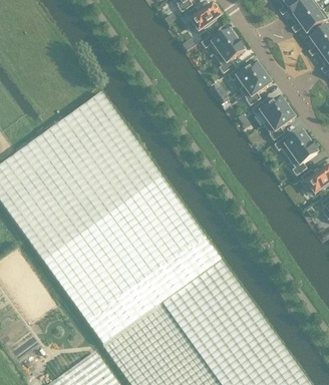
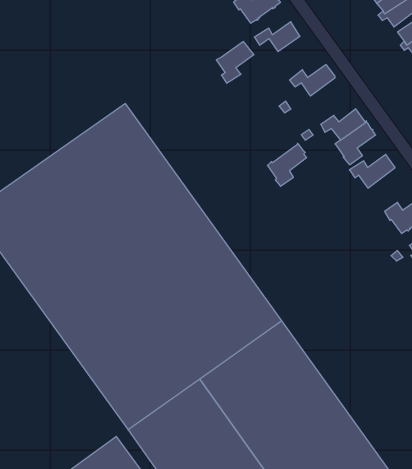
building: [215,39,244,71] -> [216,42,254,83]
building: [240,70,270,103] -> [267,143,307,186]
building: [288,140,317,173] -> none

